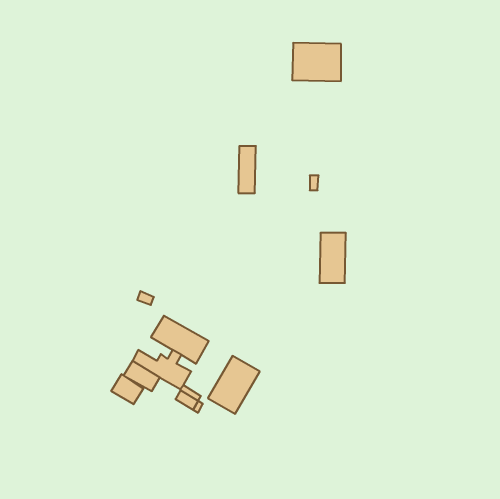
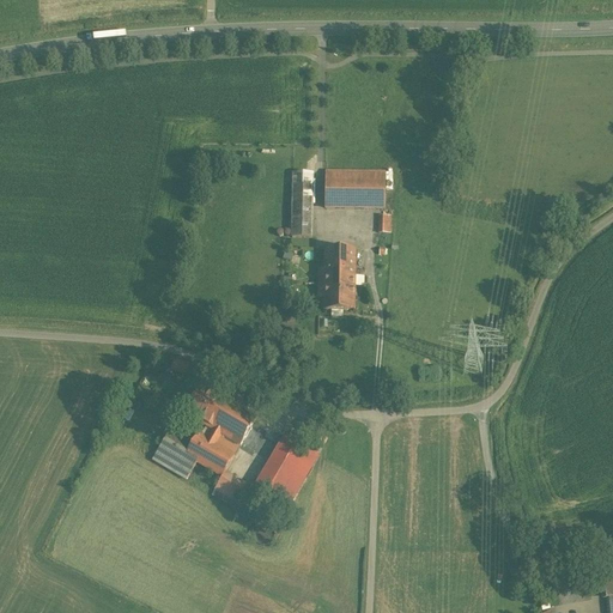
building: [292,43,341,81] -> [324,160,384,207]
building: [319,233,346,283] -> [322,248,354,309]
building: [111,374,143,404] -> none

